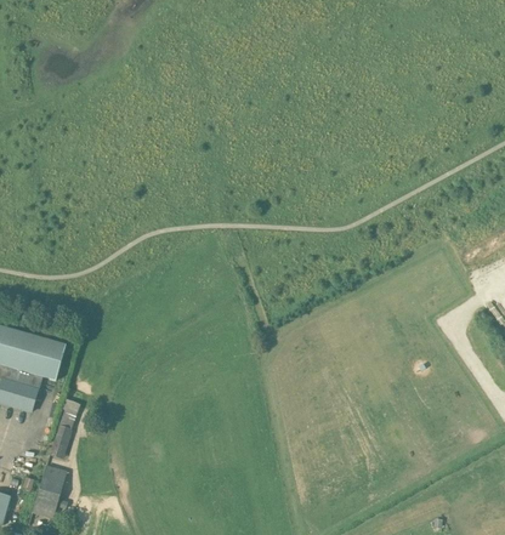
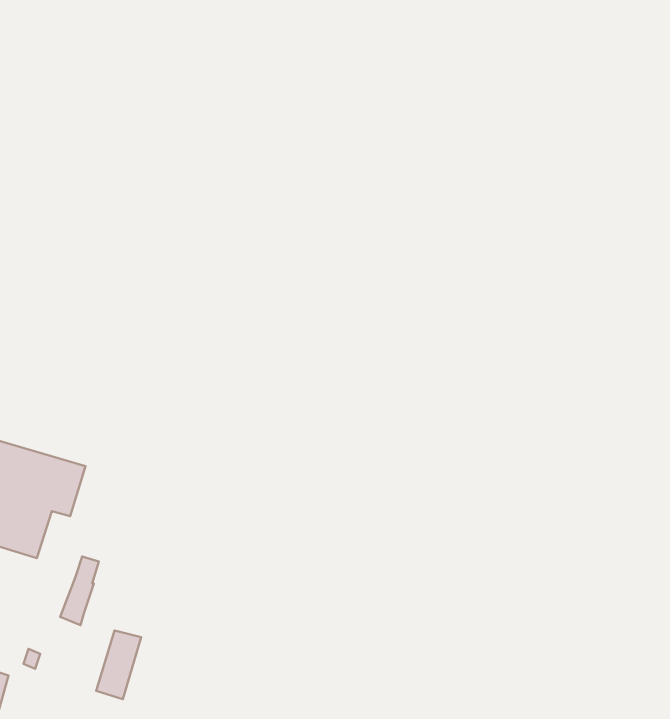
building: [33,467,66,517] -> [96,630,141,699]

